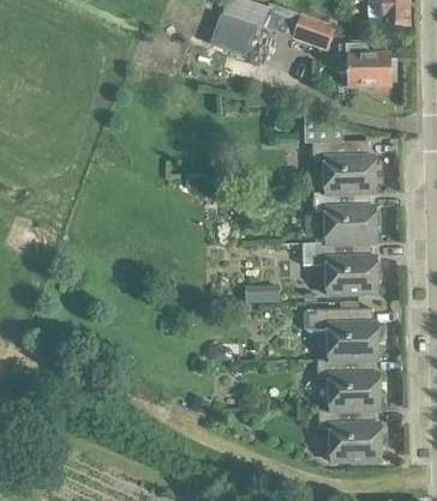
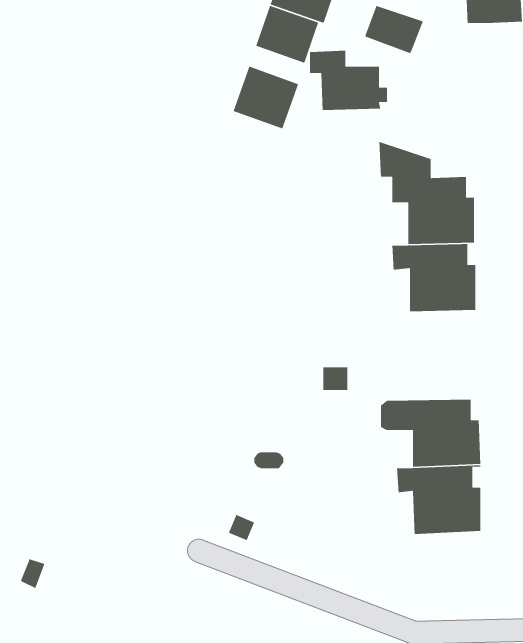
building: [339,41,397,86] -> [309,50,388,111]
building: none -> [233,65,299,130]
building: [303,241,378,294] -> none
building: [318,406,382,460] -> none

